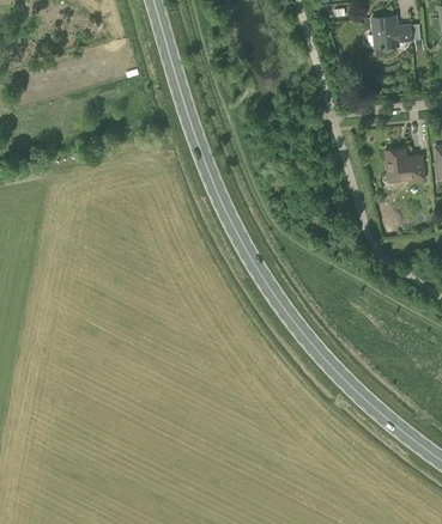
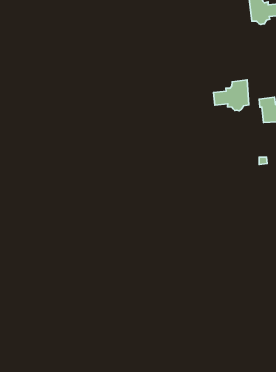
building: none -> [213,80,249,111]

